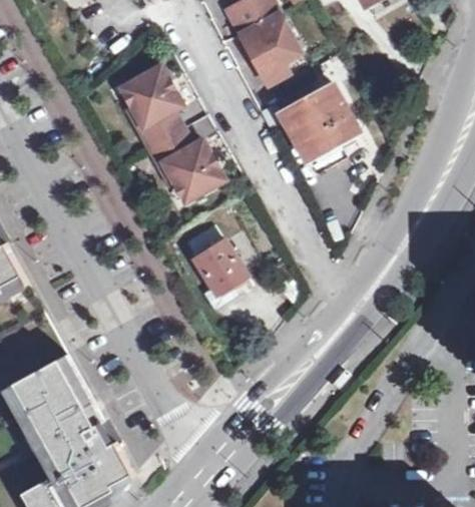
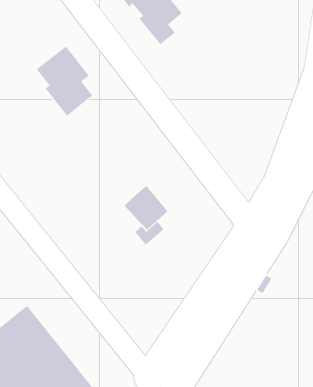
building: [280,86,357,159] -> none
building: [146,128,222,201] -> none

